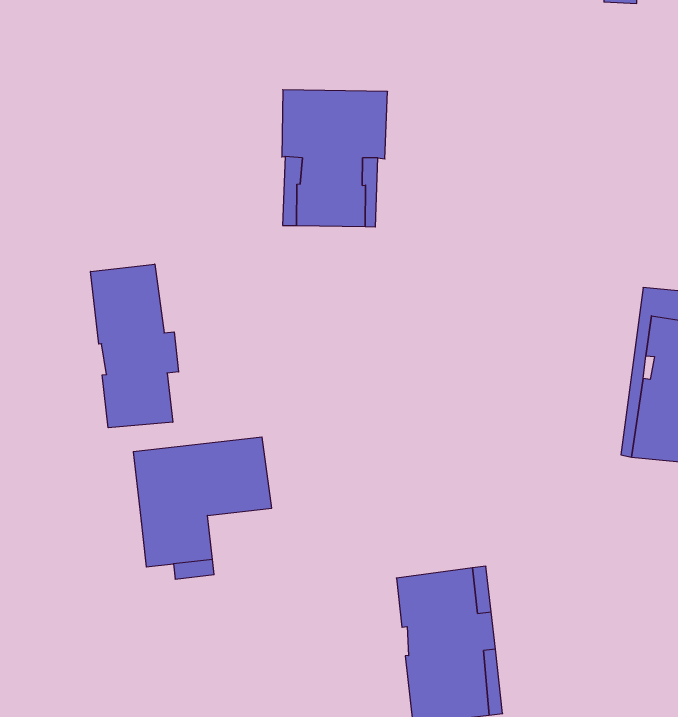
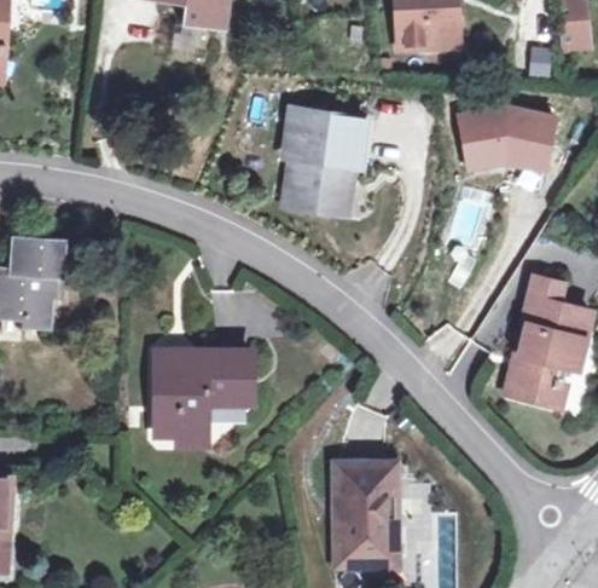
building: none -> [455,103,552,171]
building: [91,264,179,428] -> none

